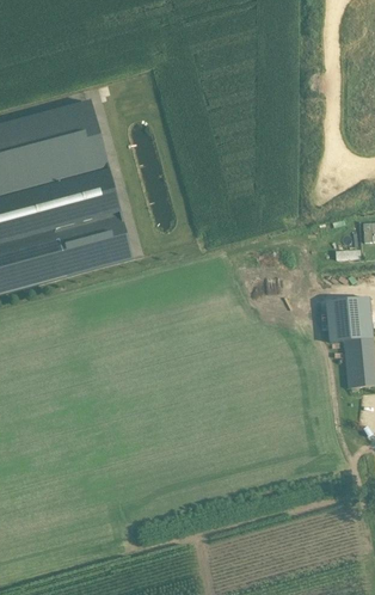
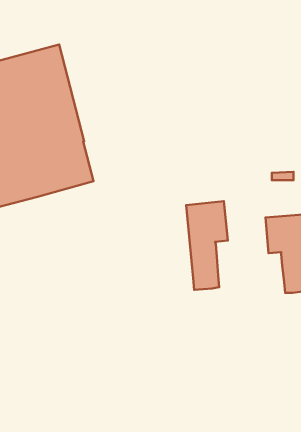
building: none -> [186,201,228,290]

